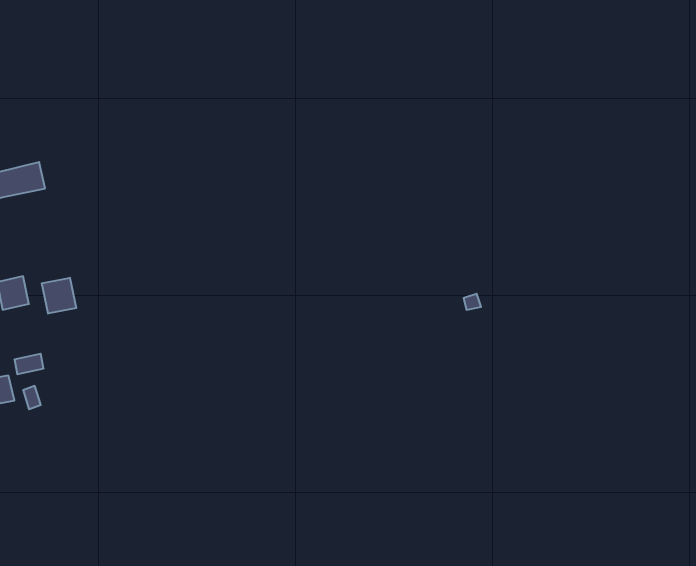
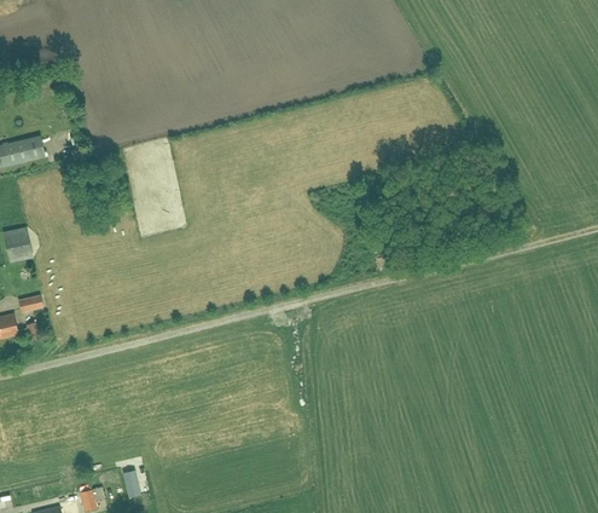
building: [42,278,76,314] -> none

